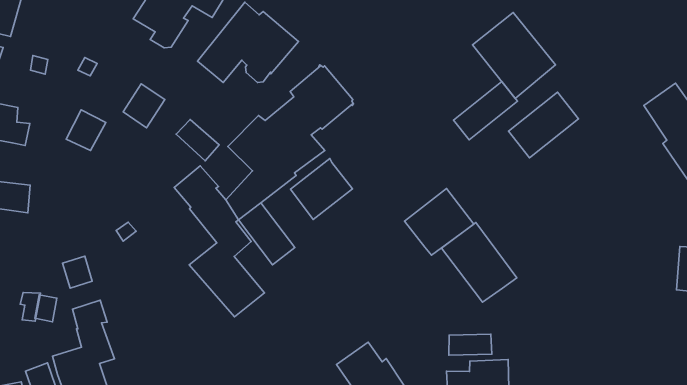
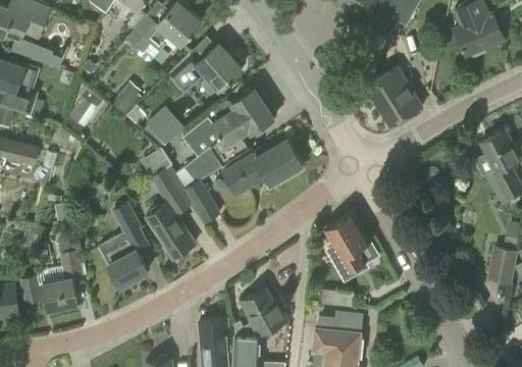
building: [453,82,517,140] -> none
building: [508,92,579,158] -> none
building: [404,189,474,255] -> [255,139,304,185]
building: none -> [99,203,149,286]

